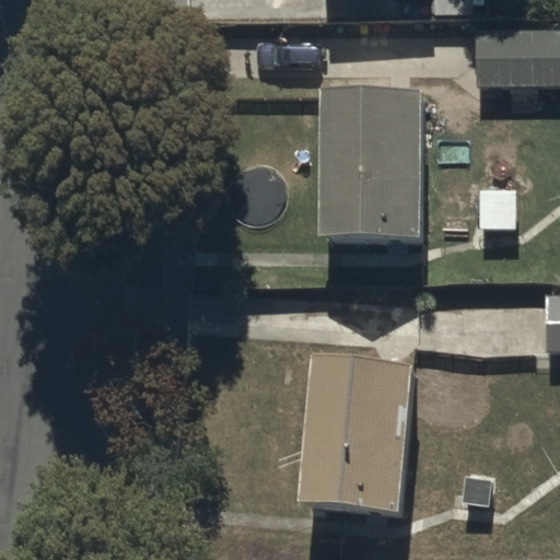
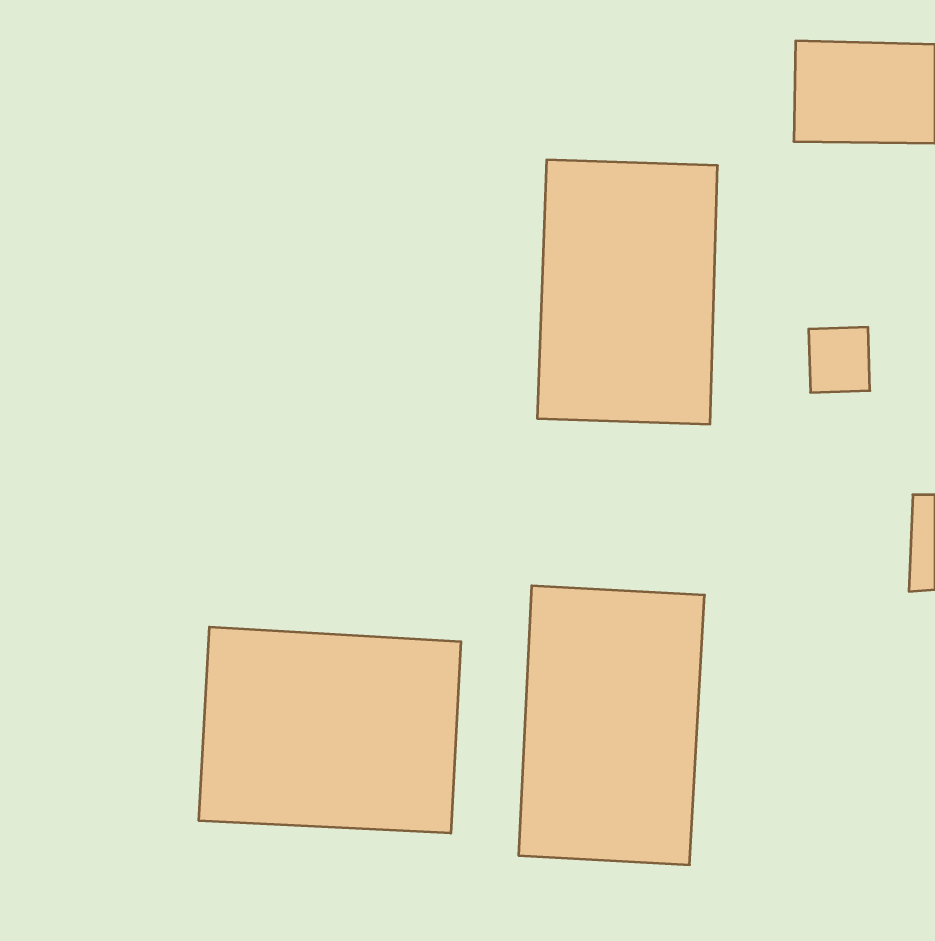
building: none -> [199,627,461,833]

